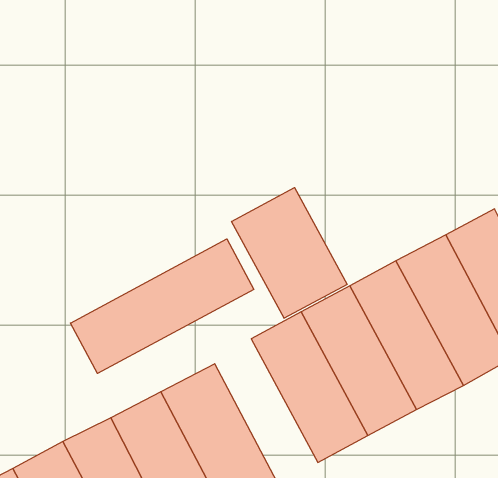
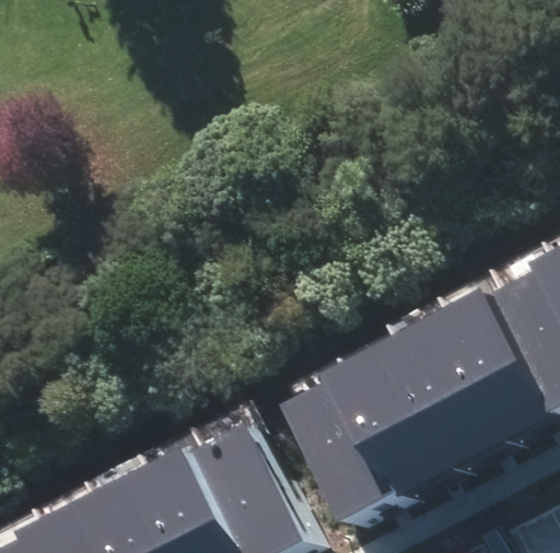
building: [232,188,347,318] -> none
building: [70,239,254,373] -> none

